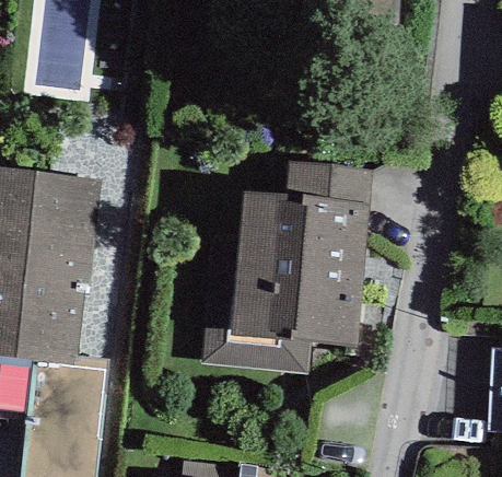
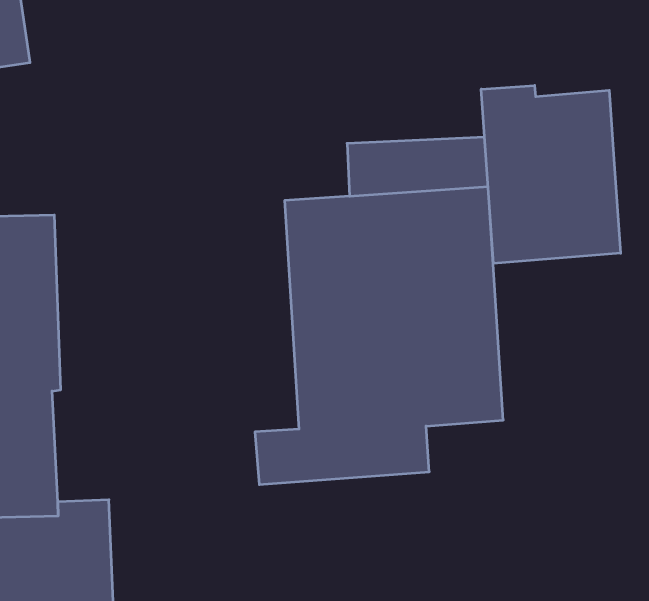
building: none -> [481,85,621,263]

